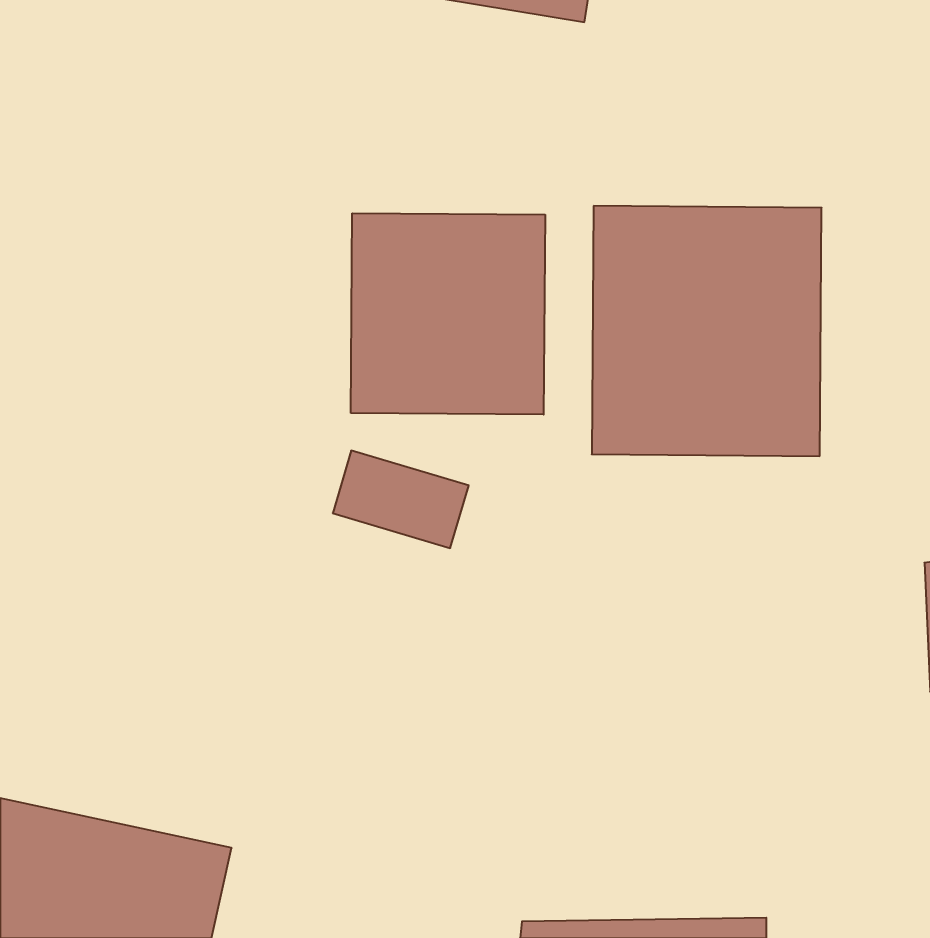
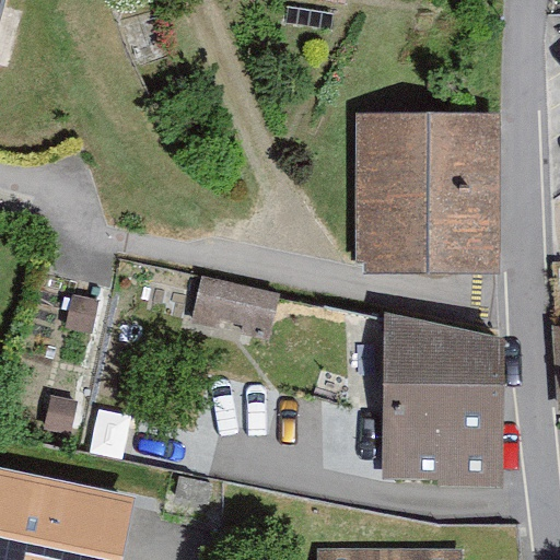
building: [351,213,545,415] -> none
building: none -> [381,331,500,479]

